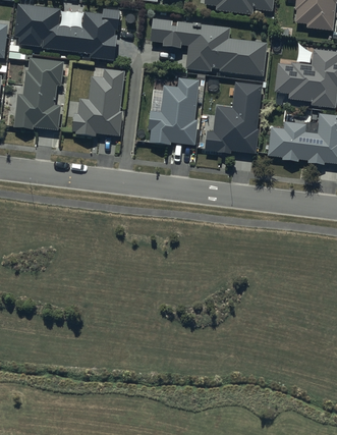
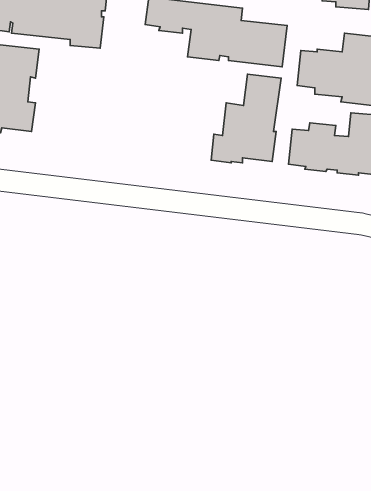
building: [71,68,124,135] -> none
building: [148,76,199,145] -> none

